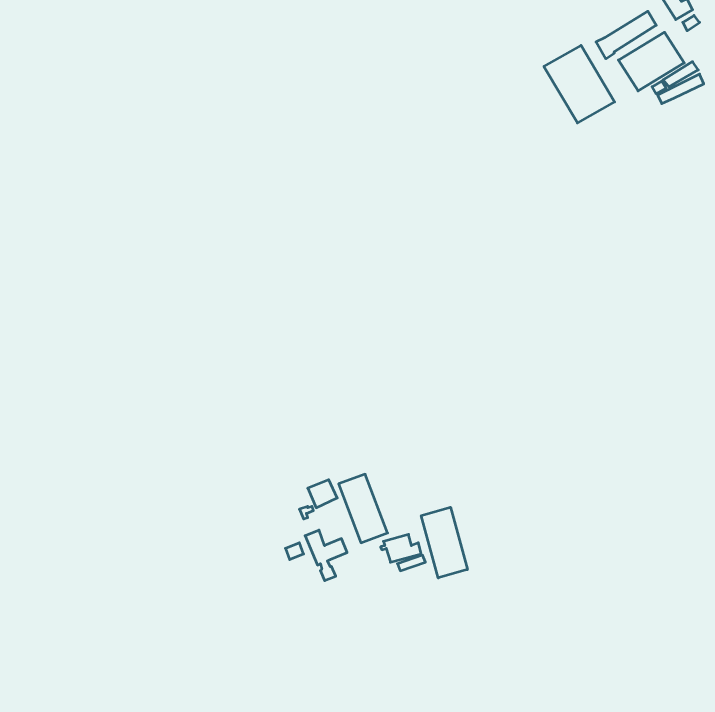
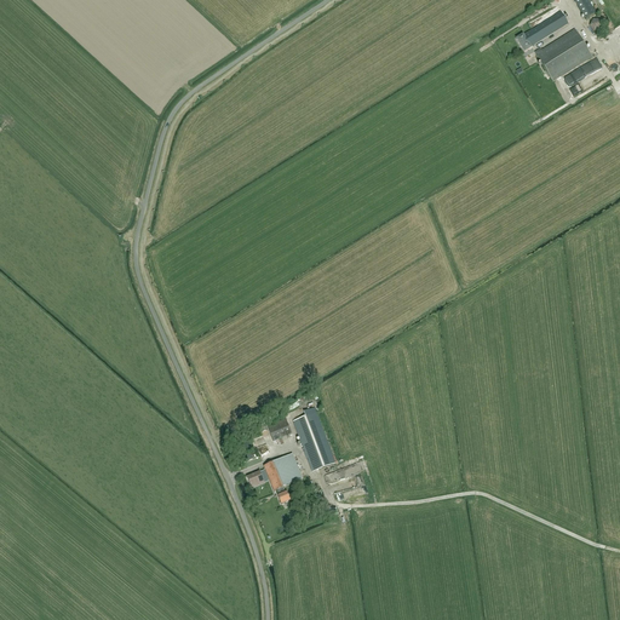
building: [544,45,615,123] -> none
building: [421,507,467,578] -> none

